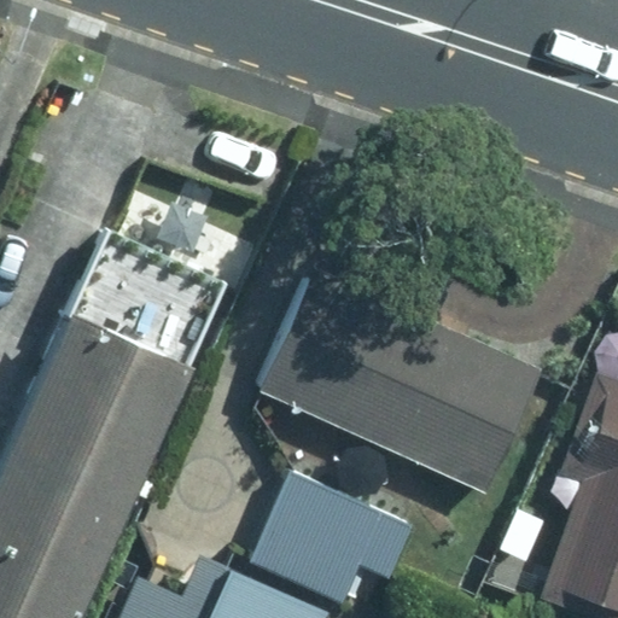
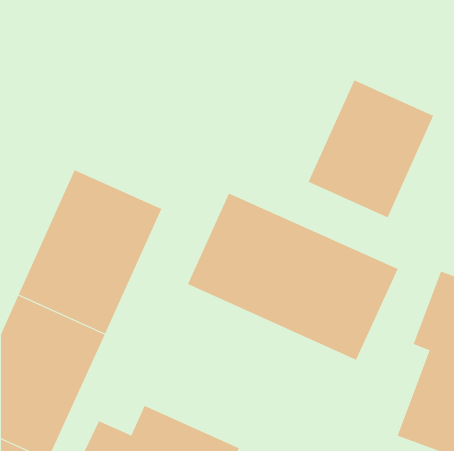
building: none -> [308,79,434,218]
building: [247,472,413,604] -> none

